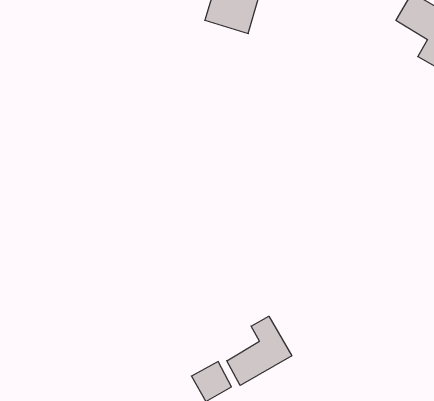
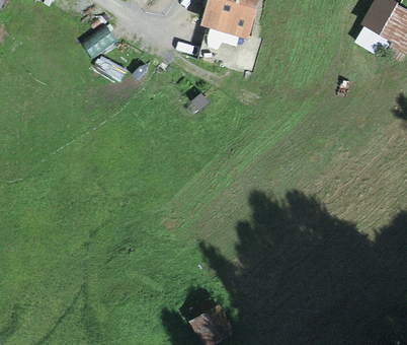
building: [227,316,292,385] -> none

